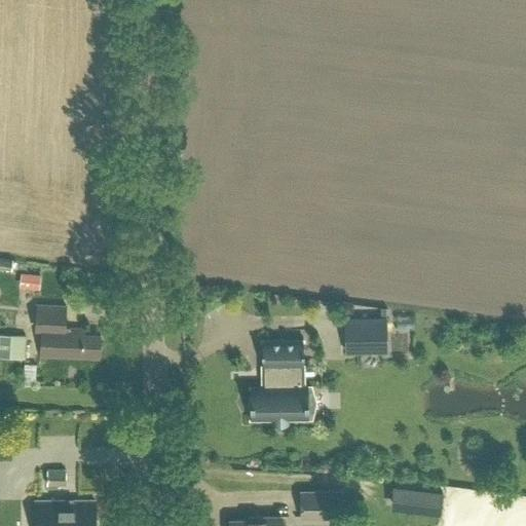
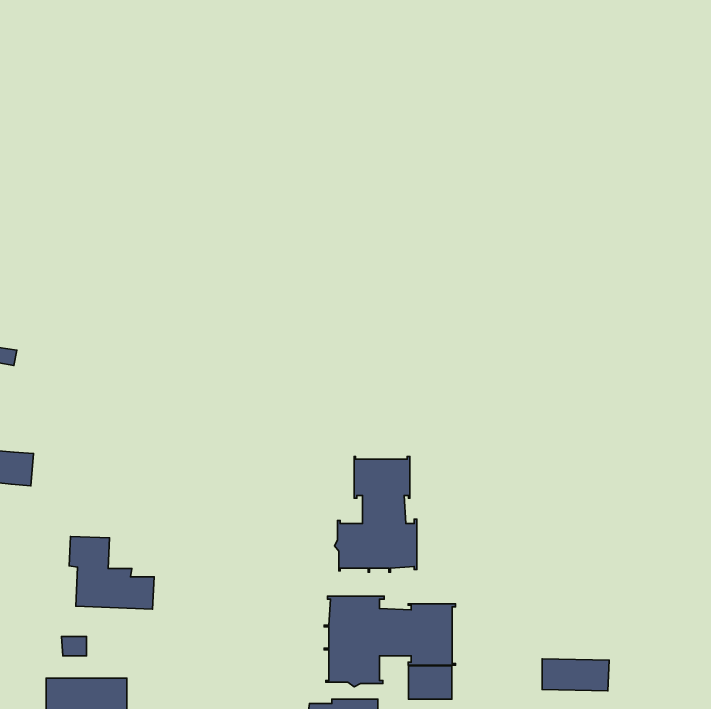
building: [35,306,98,360] -> [69,536,154,609]
building: [344,321,385,354] -> none
building: none -> [324,596,455,687]

